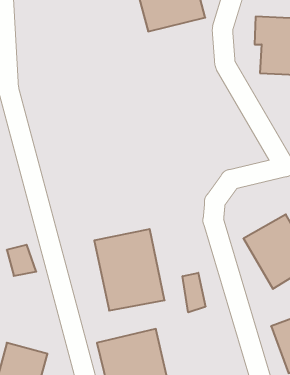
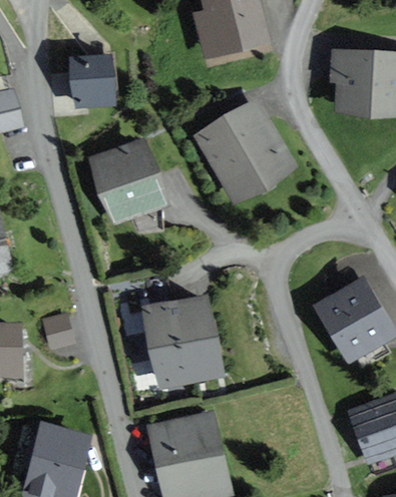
building: none -> [69,54,115,109]
building: none -> [192,100,297,205]
building: none -> [87,139,168,226]
building: [183,273,205,312] -> none

